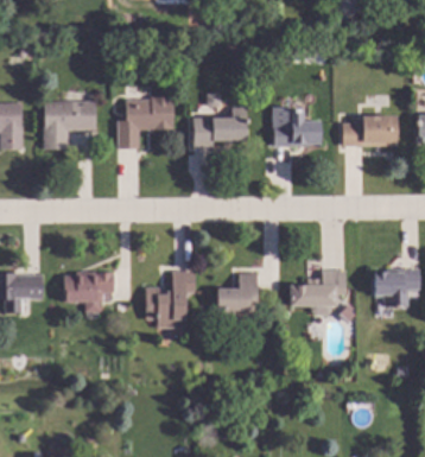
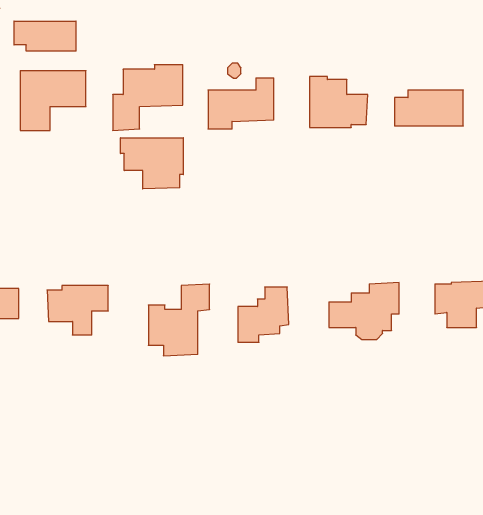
building: none -> [14,21,76,51]
building: none -> [121,138,183,189]

